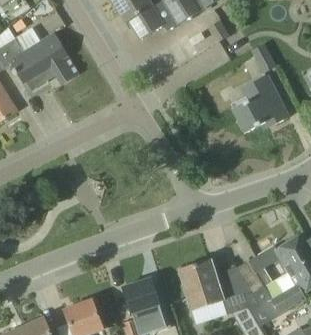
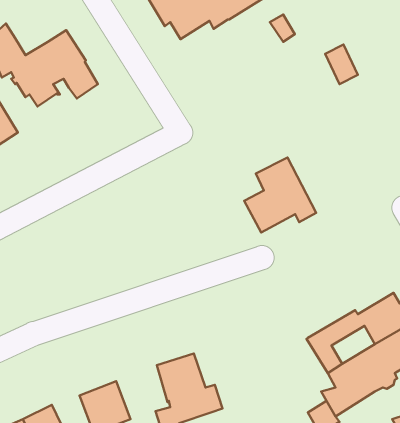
building: [233,75,288,132] -> [244,158,316,233]
building: [179,259,259,314] -> none

